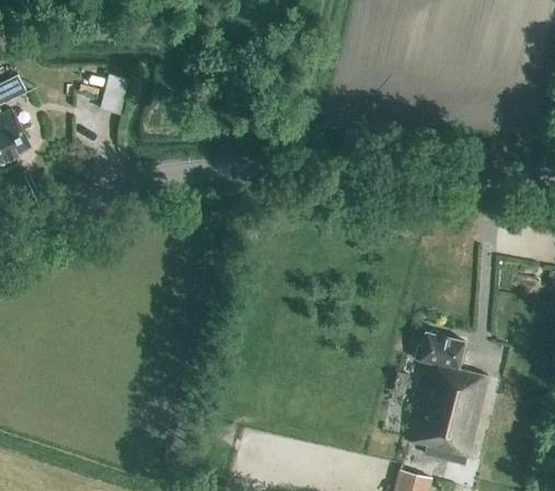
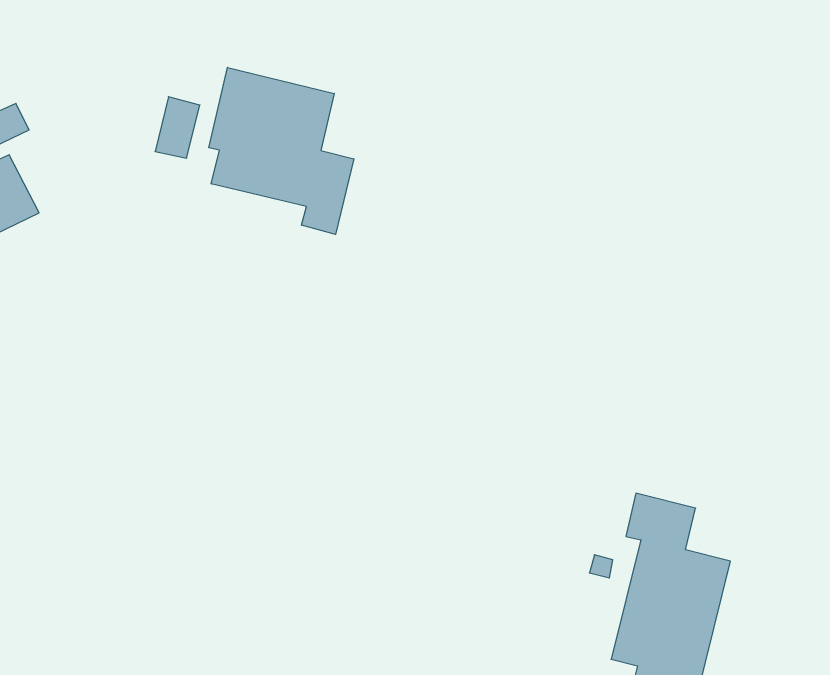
building: none -> [209,67,354,234]

